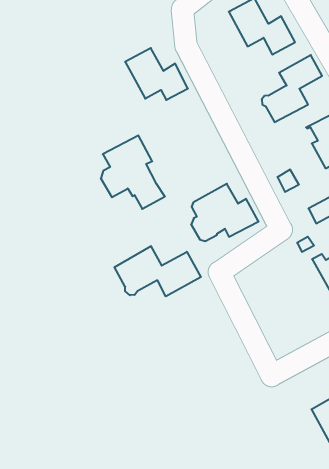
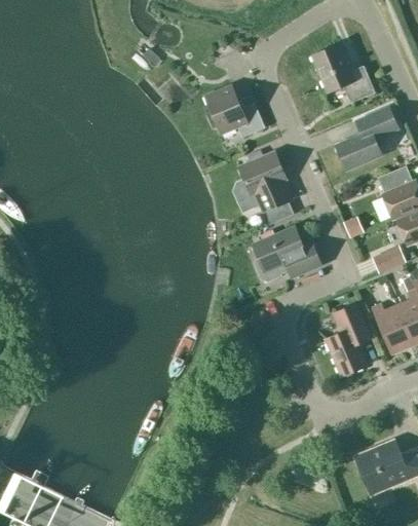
building: [101,135,165,209] -> [234,152,296,225]
building: [114,246,201,296] -> none
building: none -> [326,304,372,376]

